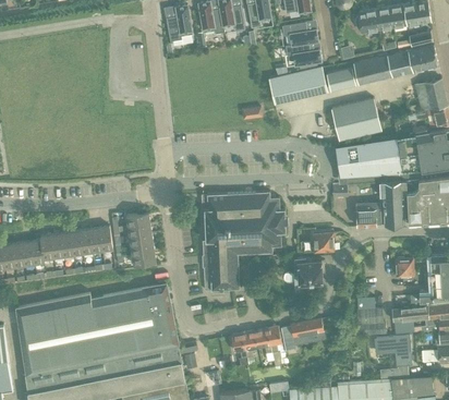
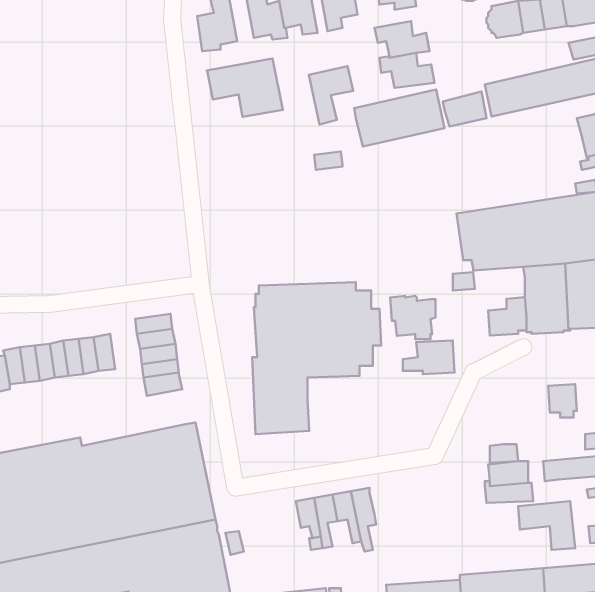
building: none -> [207,59,283,117]
building: none -> [309,66,353,124]
building: [331,98,380,141] -> none
building: [294,257,324,286] -> [390,296,435,339]
building: [280,317,323,348] -> none

